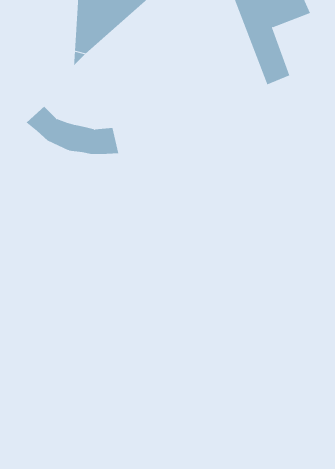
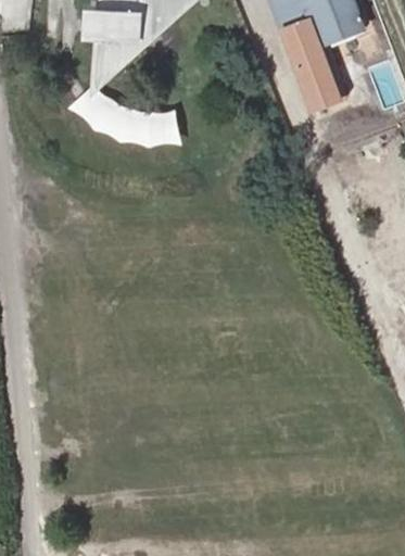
building: [26,106,119,155] -> [71,89,175,143]

